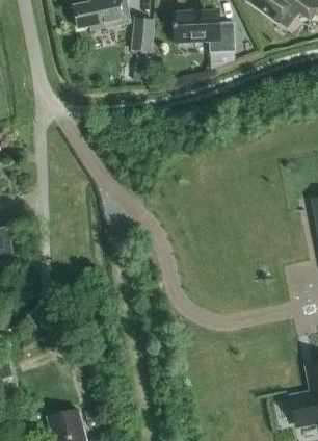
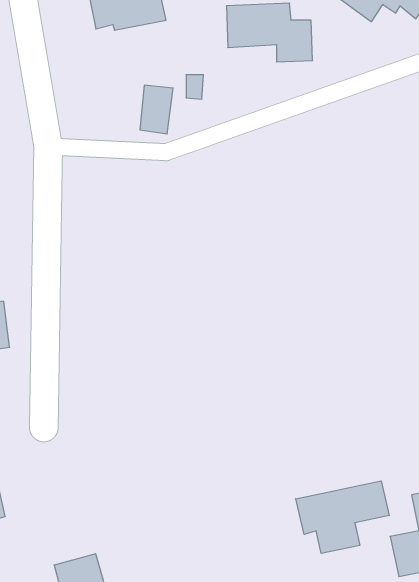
building: [130,17,154,52] -> [140,85,173,134]
building: none -> [296,481,389,553]

